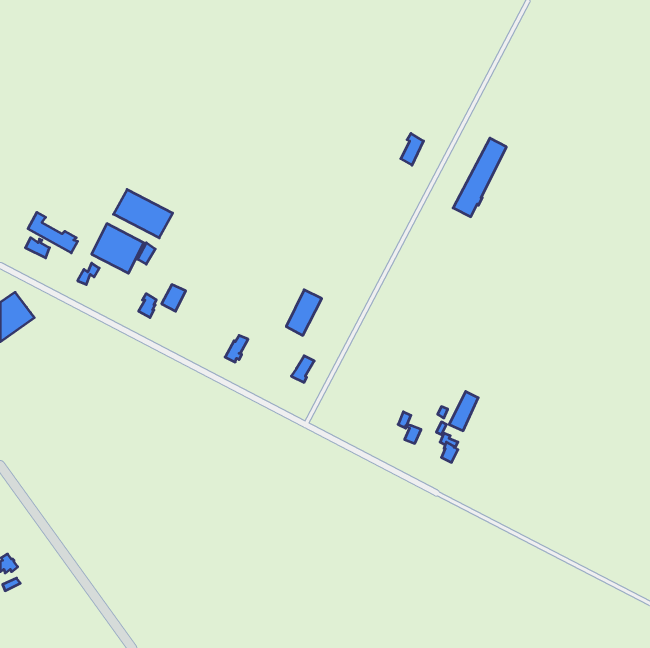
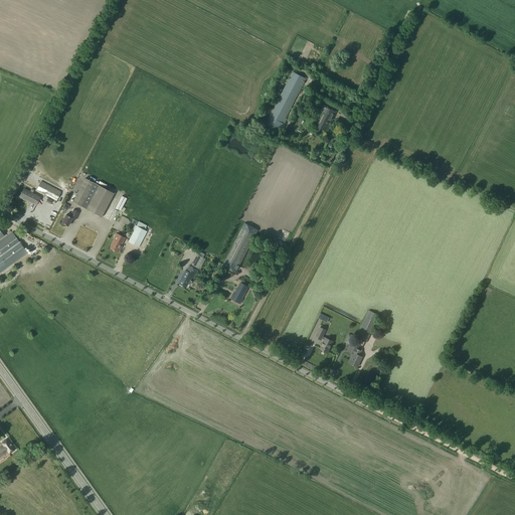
building: [453,138,506,217] -> [264,70,306,133]
building: [113,189,173,238] -> none

